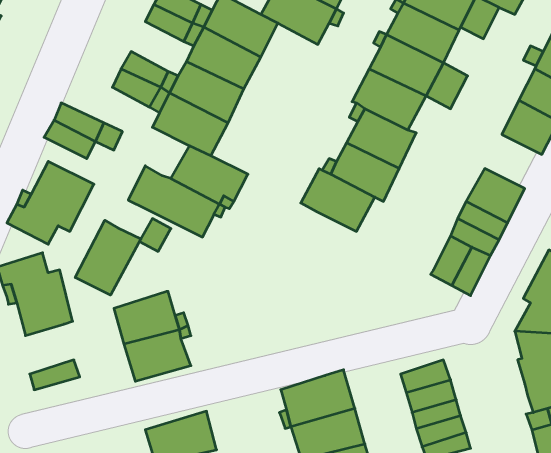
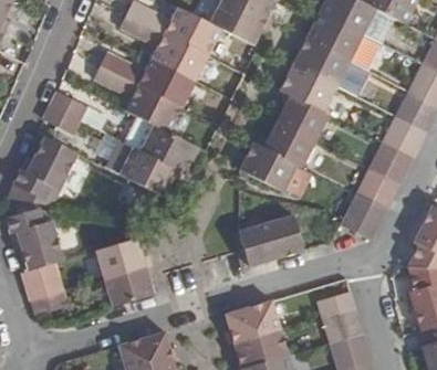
building: none -> [383,115,427,157]
building: [75,220,141,295] -> none
building: none -> [239,213,304,266]
building: none -> [21,262,64,300]

